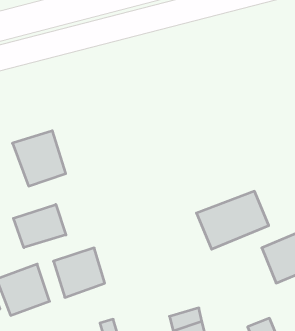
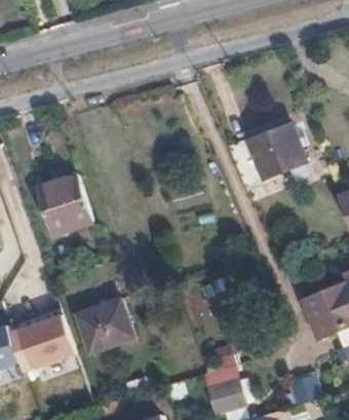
building: [196,191,269,249] -> [227,122,305,185]
building: [13,204,66,248] -> none

